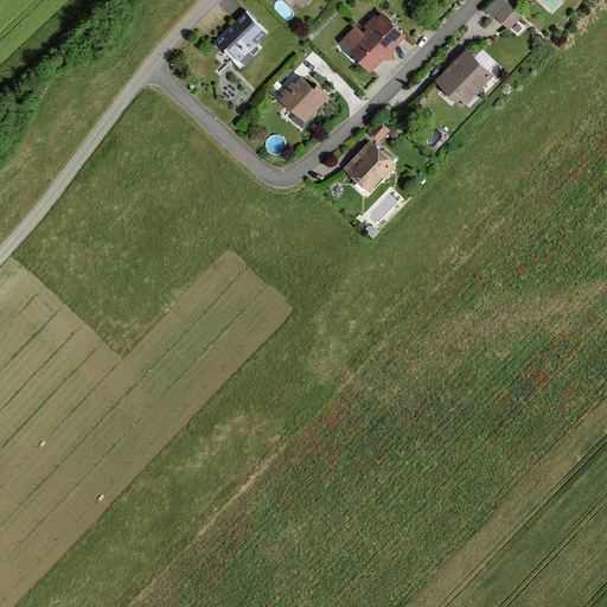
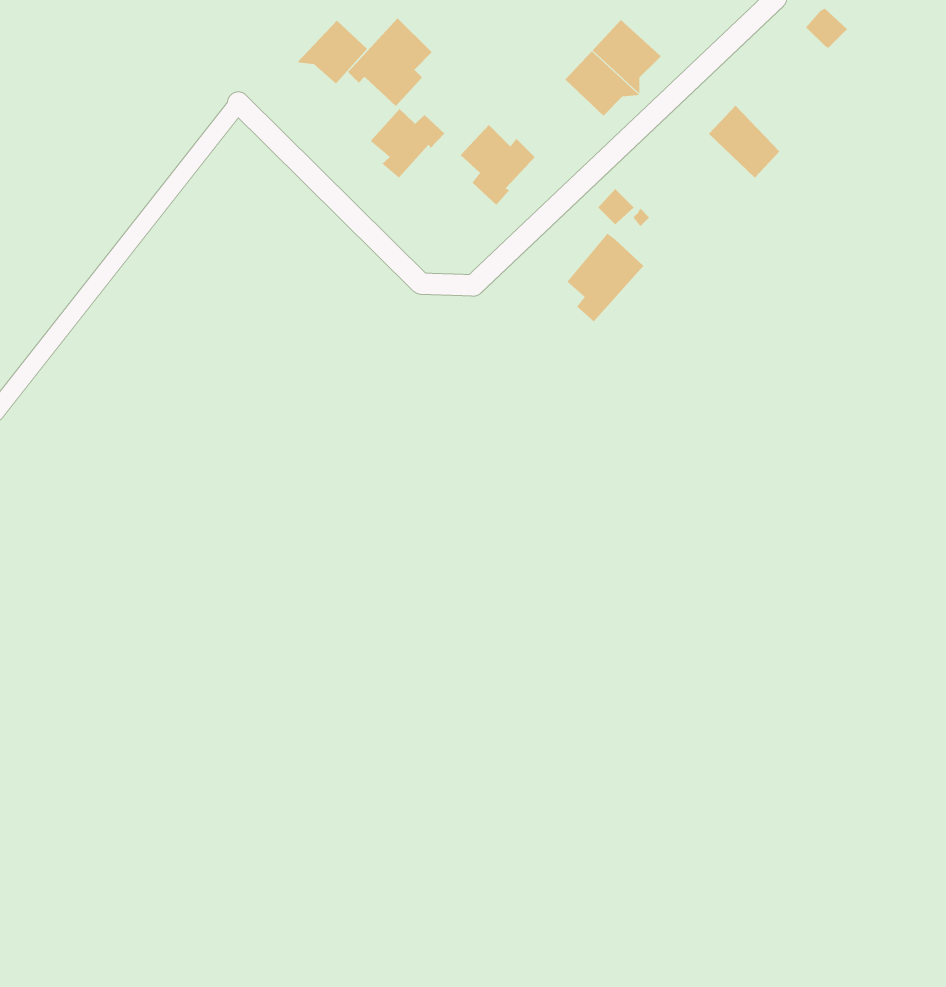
building: none -> [296,20,368,84]
building: [449,49,492,92] -> none
building: none -> [370,108,445,178]

